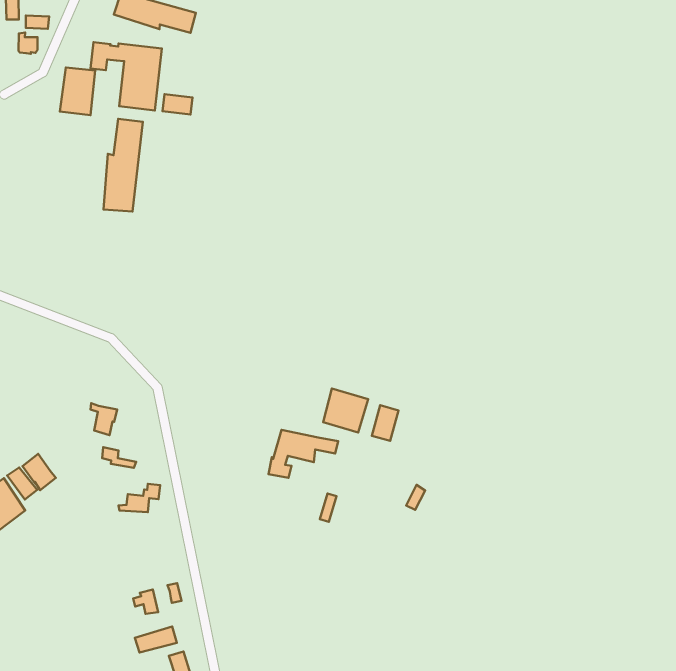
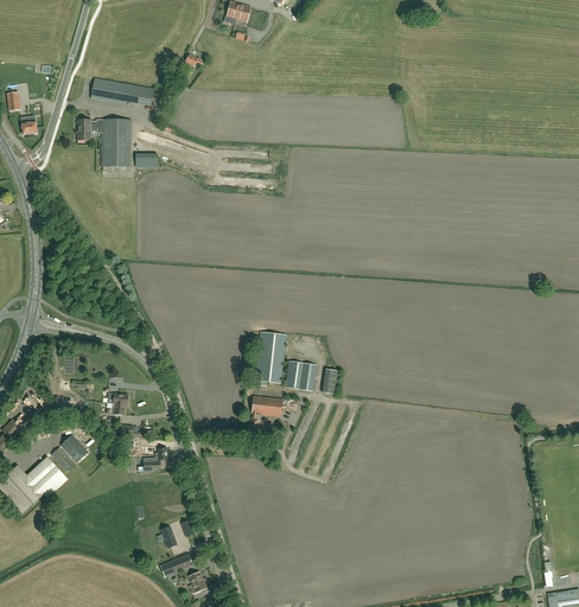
building: [60,68,95,115] -> none
building: [104,119,143,212] -> none
building: none -> [255,331,286,384]

